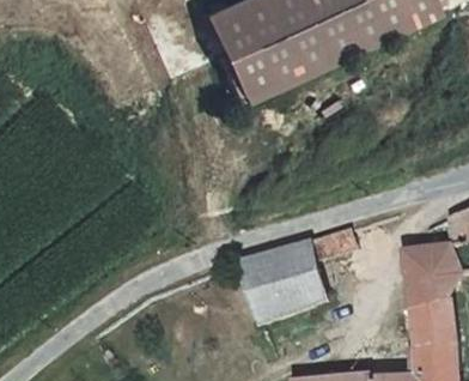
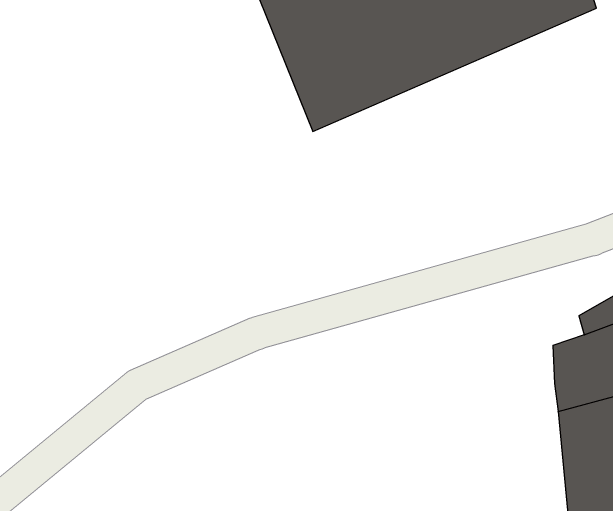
building: [245,225,357,320] -> none

